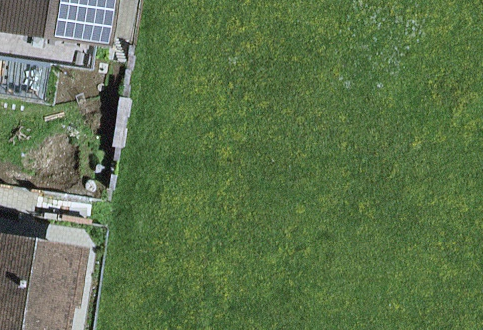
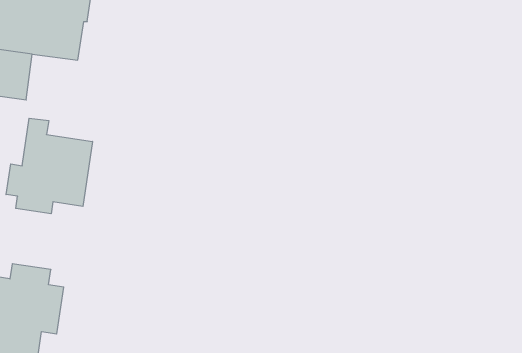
building: none -> [6,118,92,214]

